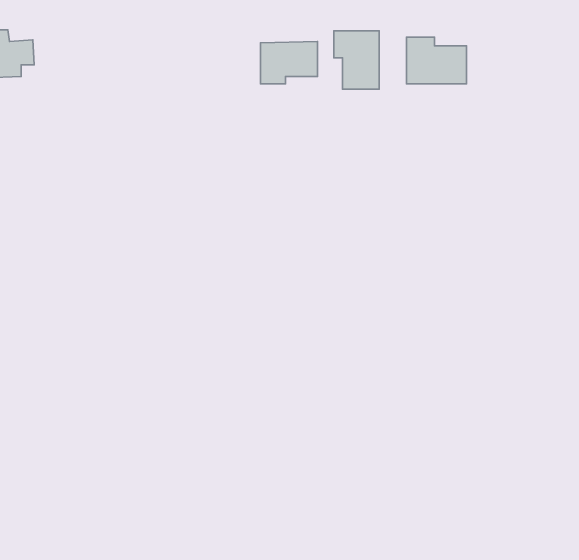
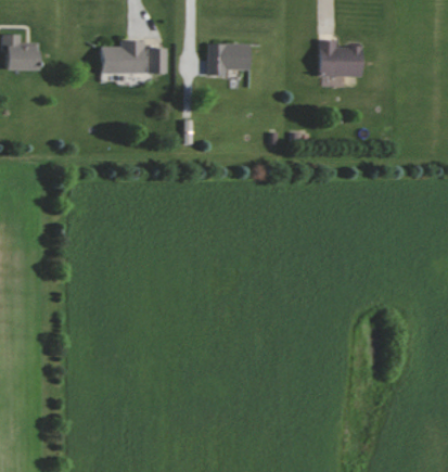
building: [334,31,379,89] -> none
building: none -> [100,41,168,74]

